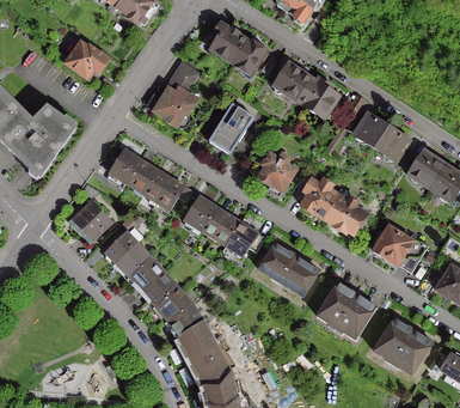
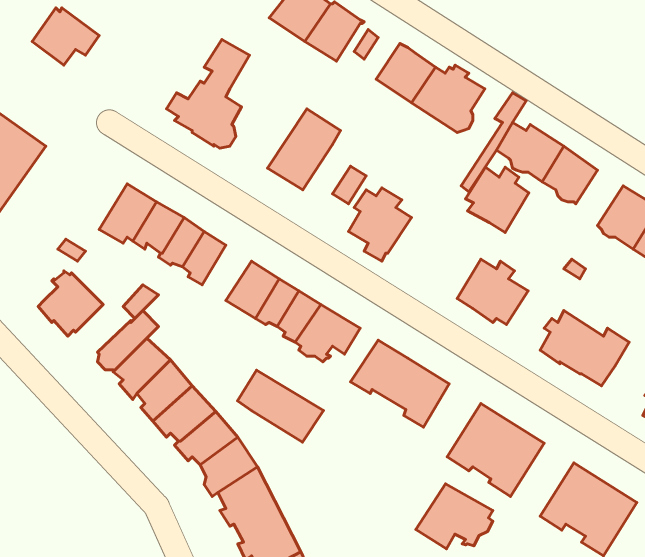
building: [299,178,337,218] -> [466,167,529,233]
building: none -> [237,370,324,442]
building: none -> [416,484,493,549]

